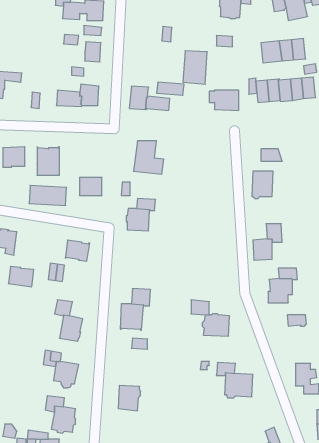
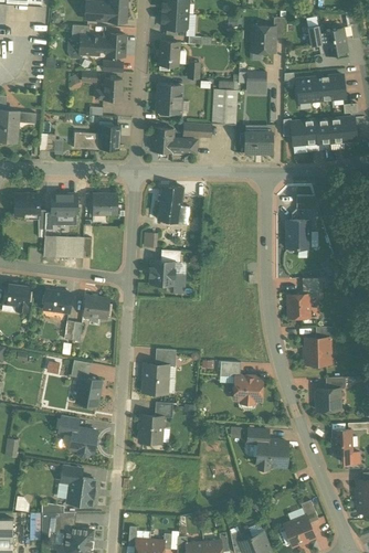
building: none -> [159,41,179,65]
building: none -> [157,84,181,114]
building: [80,177,102,196] -> [93,193,117,213]
building: [8,266,34,287] -> [43,289,71,311]
building: none -> [316,387,339,412]
building: [118,385,141,411] -> [139,415,164,443]

